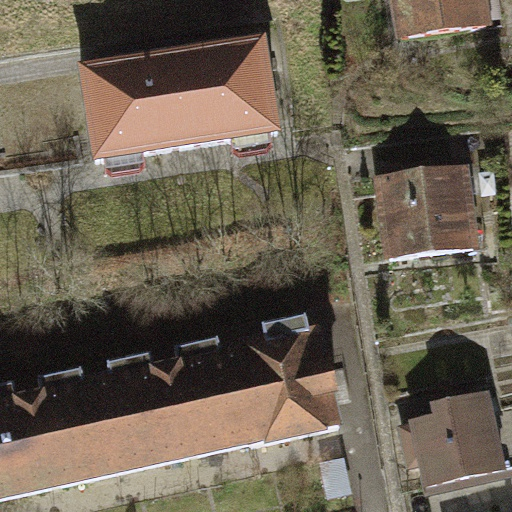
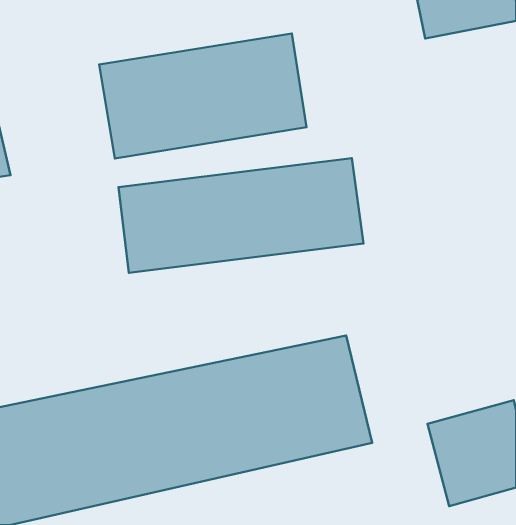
building: none -> [119,158,363,273]
building: [373,160,483,254] -> none

